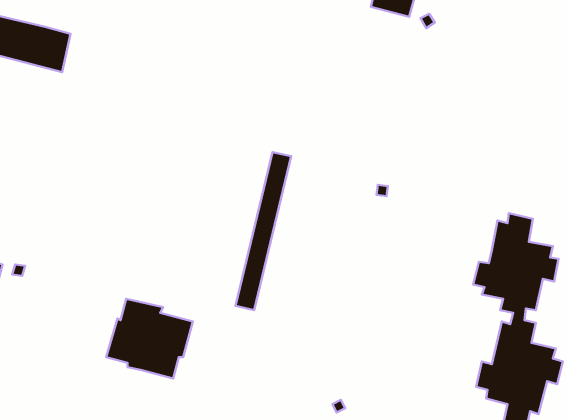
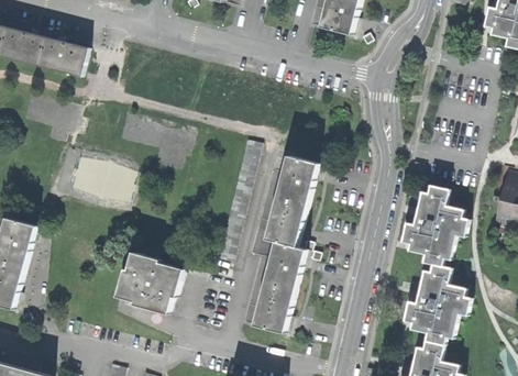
building: none -> [254,153,319,330]

